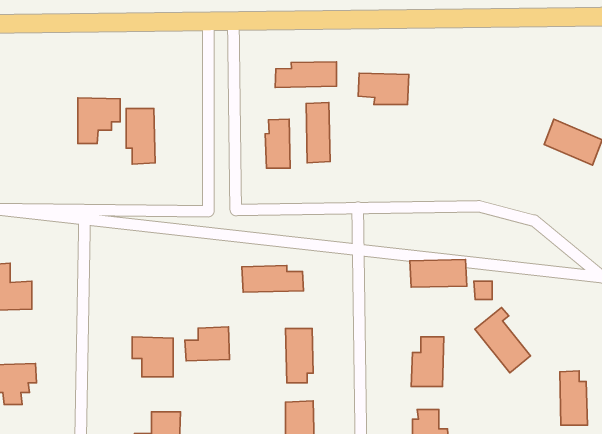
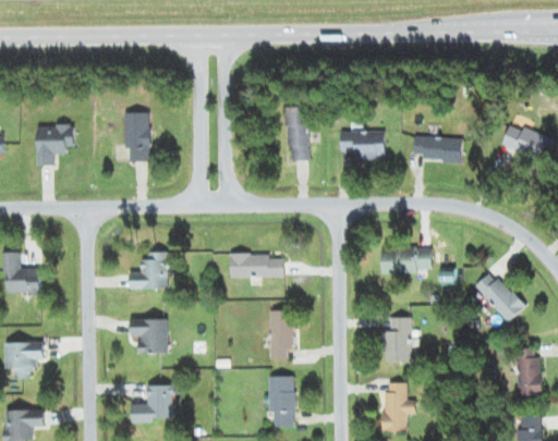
building: [275,62,337,87] -> none
building: [358,73,409,105] -> [339,131,385,159]
building: [78,98,120,144] -> [36,125,74,167]
building: [265,119,290,168] -> none
building: none -> [413,136,462,162]
building: [475,307,530,373] -> [474,265,524,323]
building: [185,327,230,361] -> [129,259,169,290]

